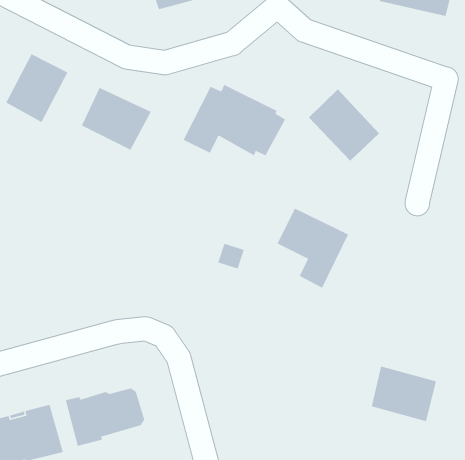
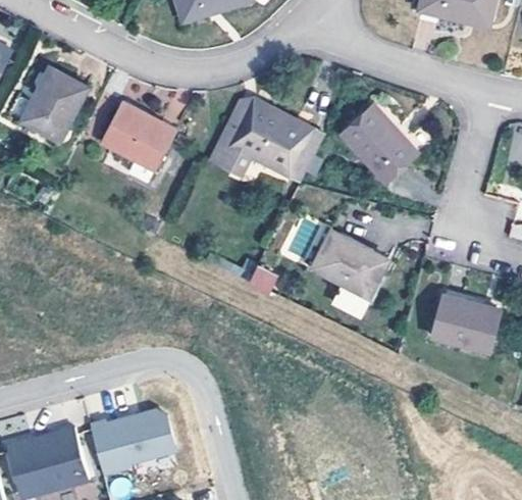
building: [371,366,437,422] -> [432,292,503,352]

